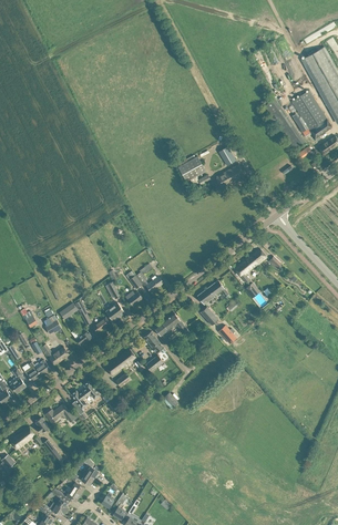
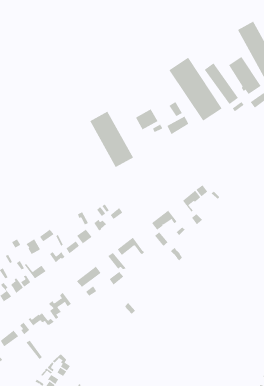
building: none -> [168,57,223,122]
building: none -> [89,111,134,168]

